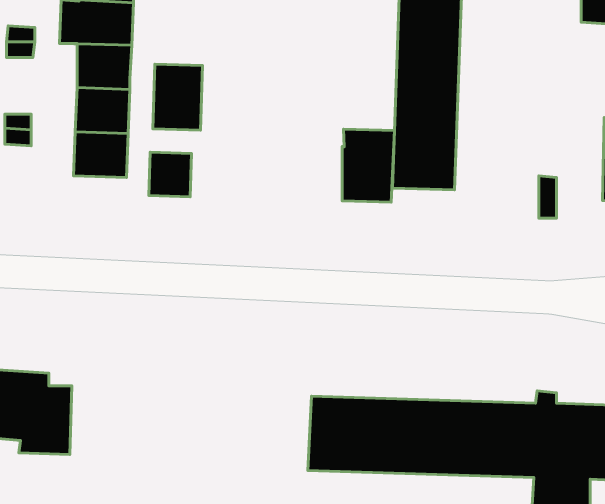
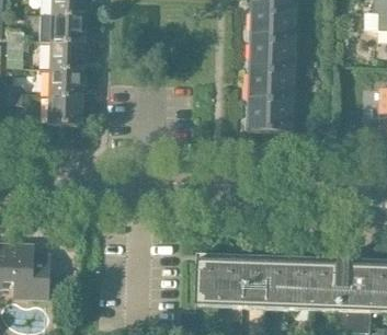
building: [153,64,203,130] -> none
building: [342,129,395,202] -> none
building: [149,152,191,197] -> none

